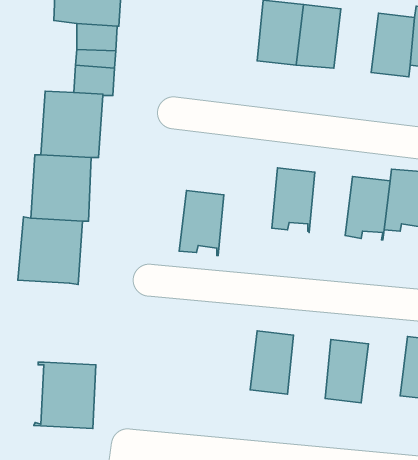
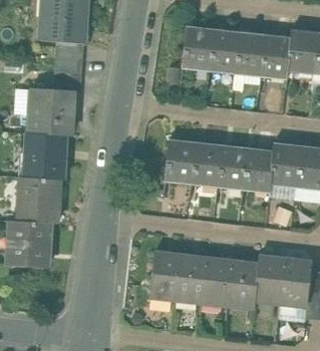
building: none -> [235,32,266,76]
building: none -> [218,145,248,190]
building: [179,191,224,255] -> [165,139,196,185]
building: none -> [150,253,182,297]
building: none -> [255,257,286,301]
building: none -> [203,259,233,303]
building: [34,362,96,428] -> [8,221,51,267]

